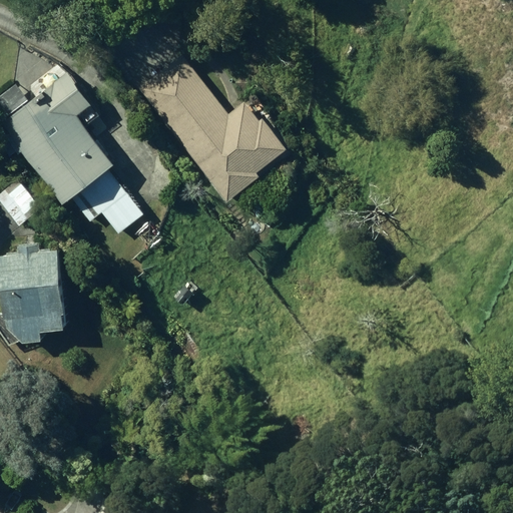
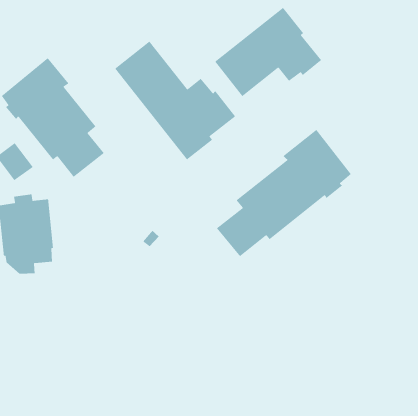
building: none -> [214,7,322,97]
building: none -> [216,129,352,257]

